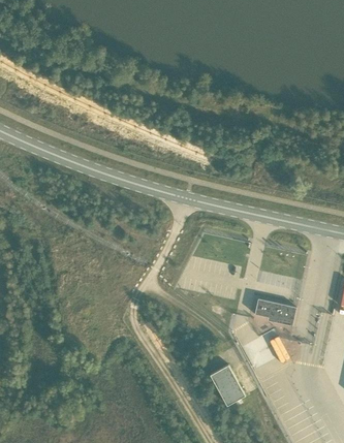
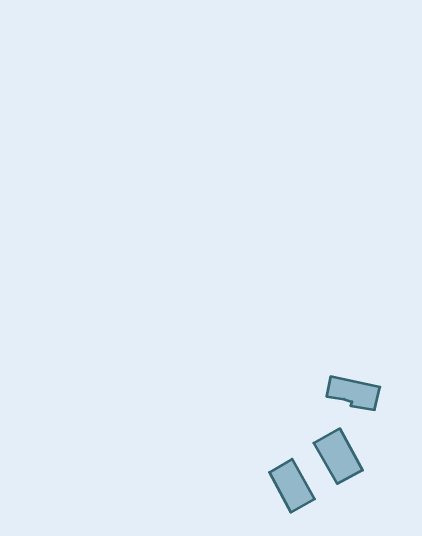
building: none -> [314,429,363,484]

